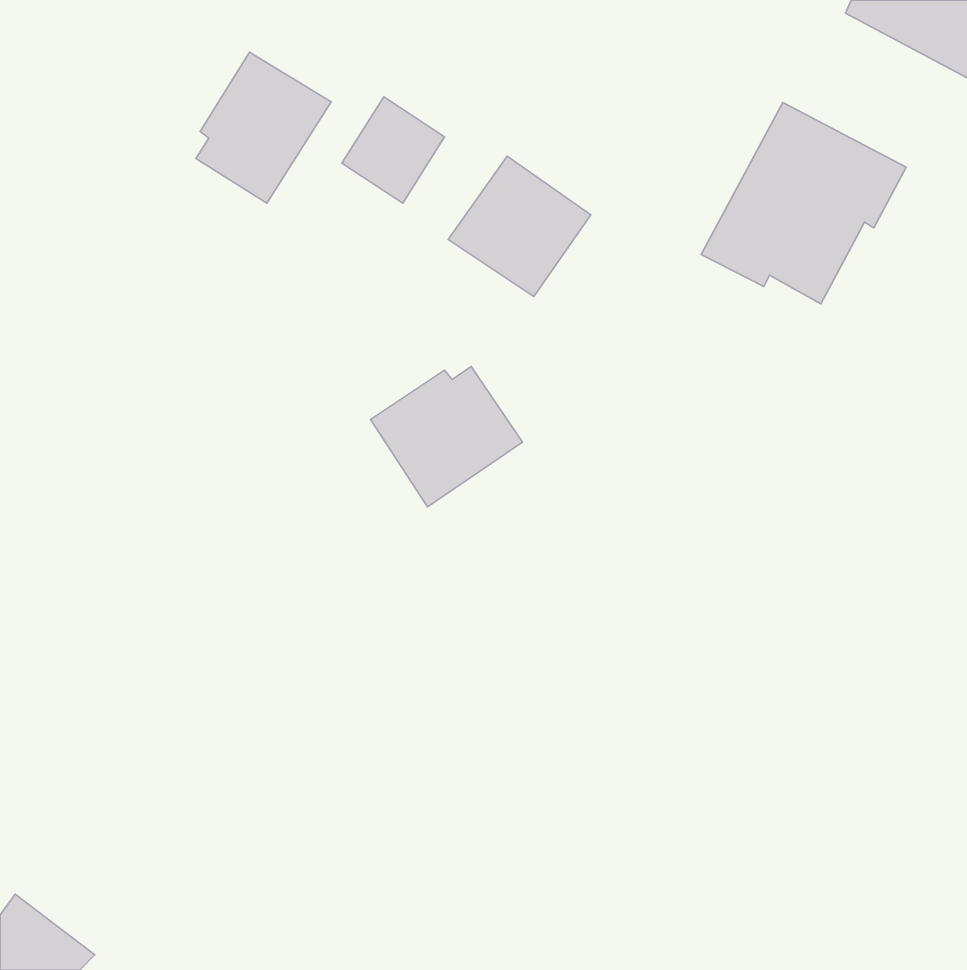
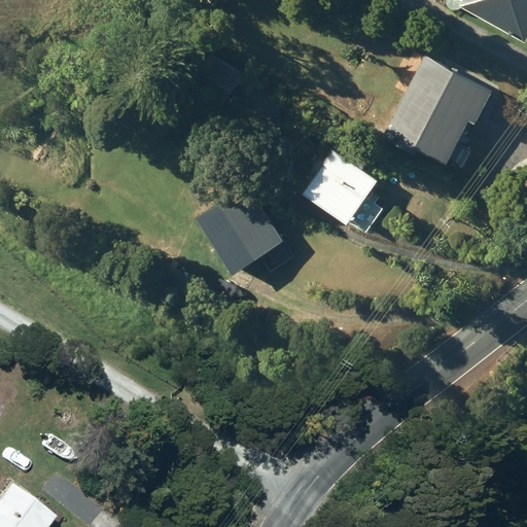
building: [196,52,331,203] -> none
building: [448,156,591,297] -> [302,148,379,224]

